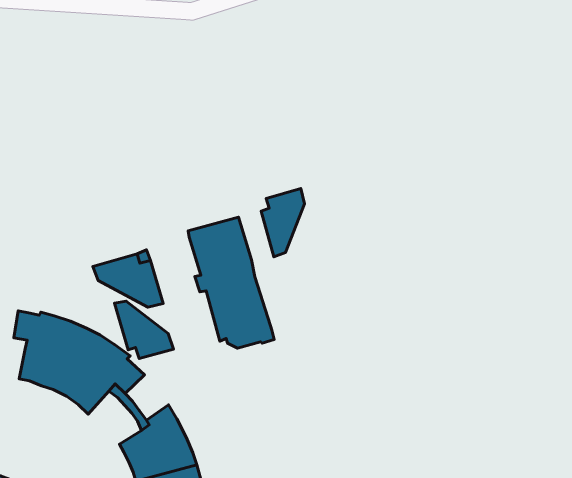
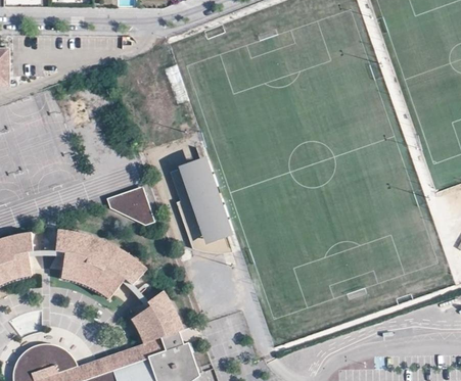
building: [261,189,304,257] -> none
building: [115,301,173,359] -> none

